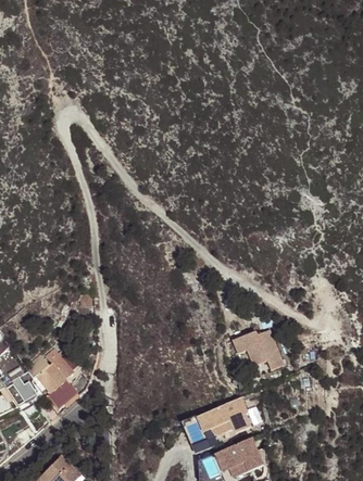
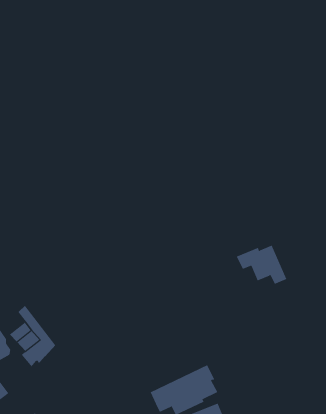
building: [227,331,279,371] -> [236,245,287,284]

